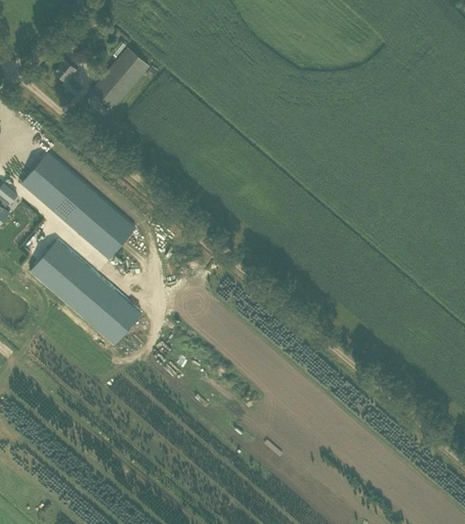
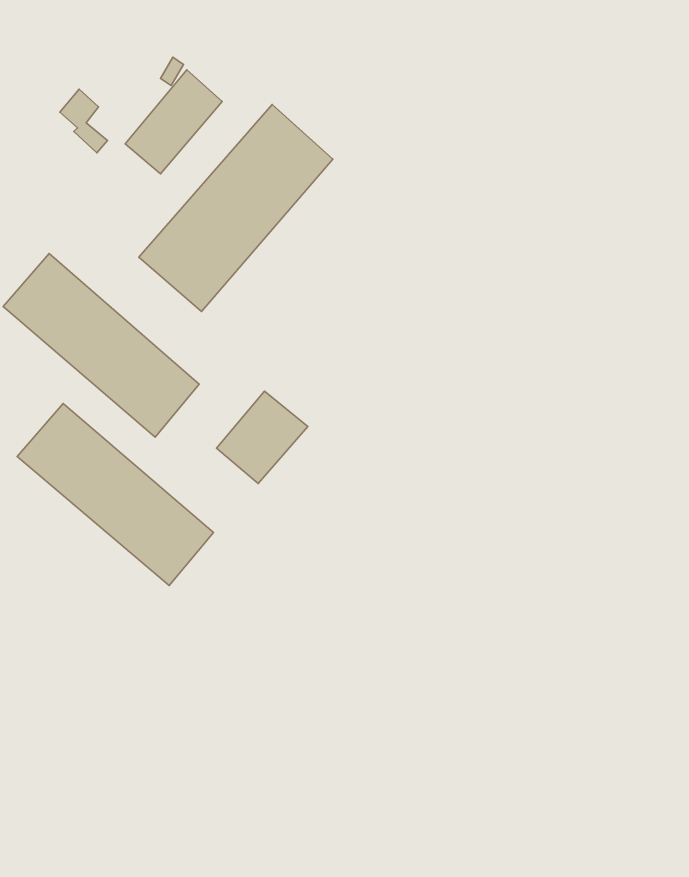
building: none -> [139,105,333,311]
building: none -> [217,391,308,483]

